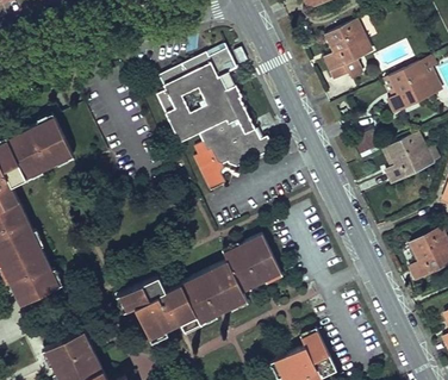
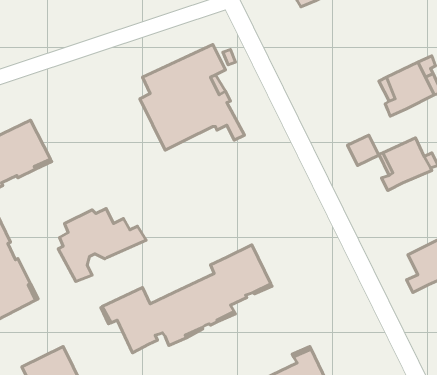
building: [324,20,371,80] -> none
building: [193,122,276,191] -> [58,209,146,282]

